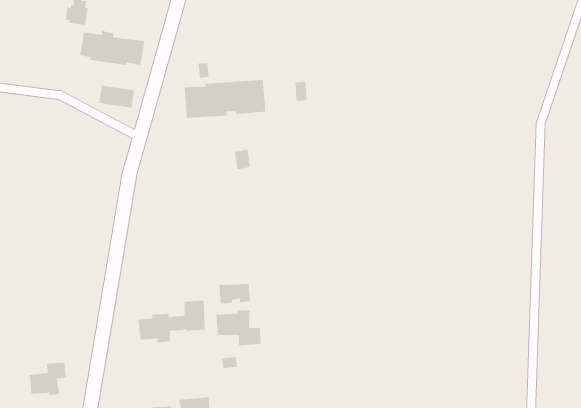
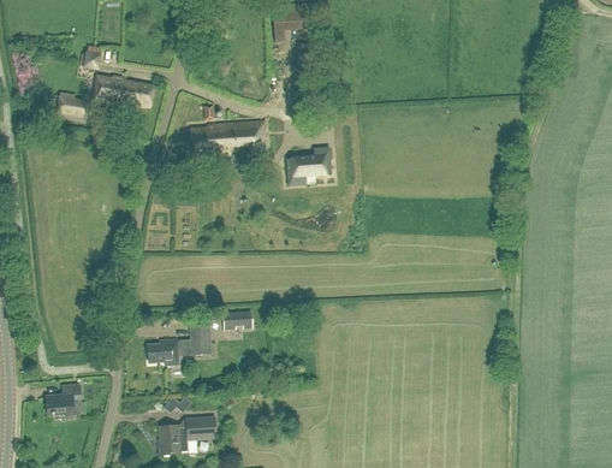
building: [99,85,135,108] -> [55,95,89,117]
building: none -> [286,156,331,176]
building: [216,310,261,346] -> none

